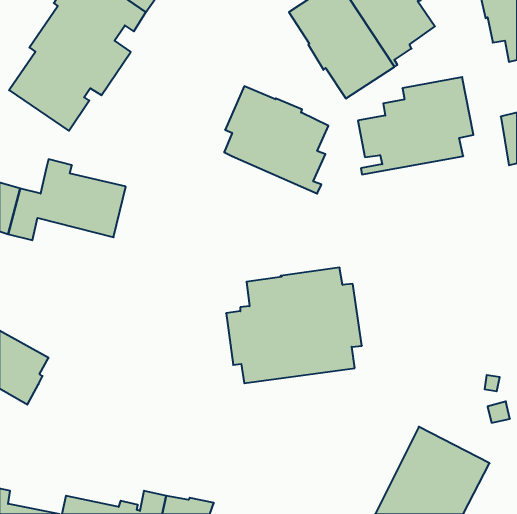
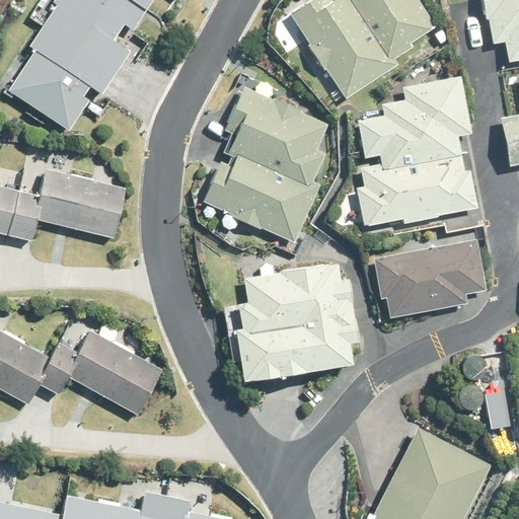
building: none -> [204,156,317,242]
building: none -> [356,156,478,226]
building: none -> [373,241,487,318]
building: none -> [39,324,161,415]

